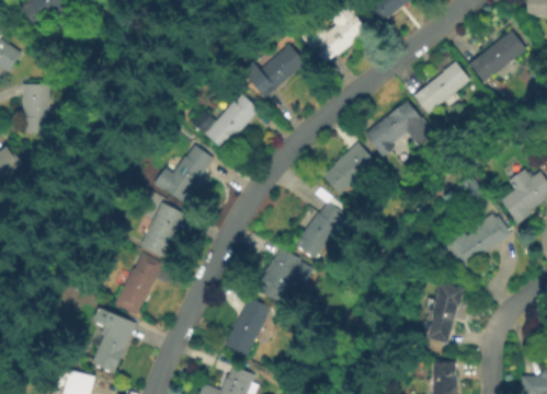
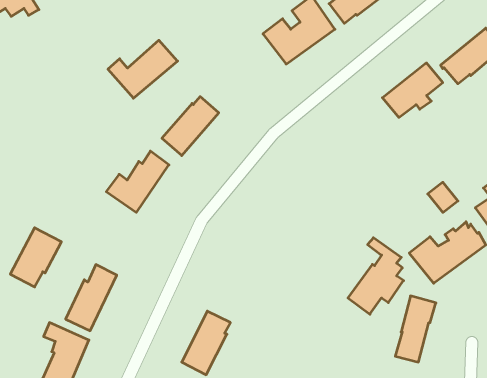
building: [241,44,307,99] -> [108,40,178,98]
building: [364,100,435,158] -> none
building: [323,142,376,195] -> none
building: [295,187,347,259] -> [348,238,404,314]
building: [138,201,186,257] -> [10,228,61,287]
building: [255,247,312,301] -> none

